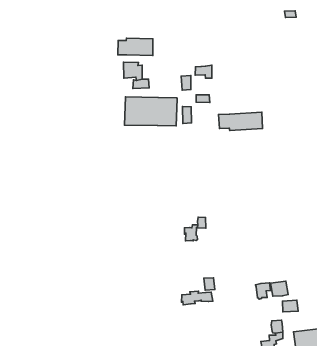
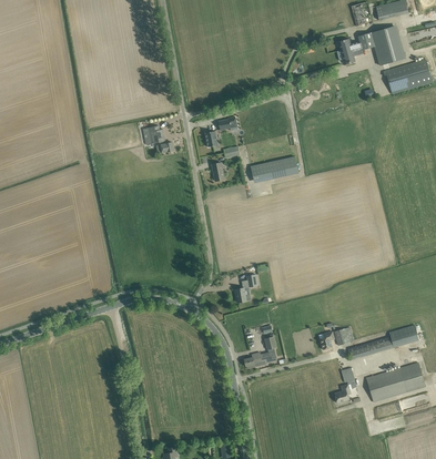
building: [118,38,153,55] -> none
building: [125,97,177,126] -> none

